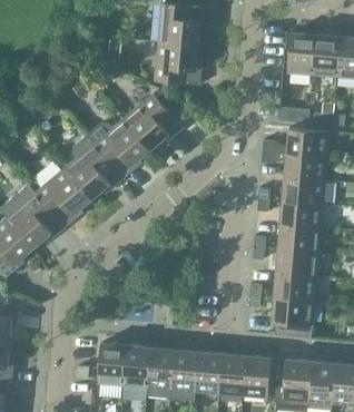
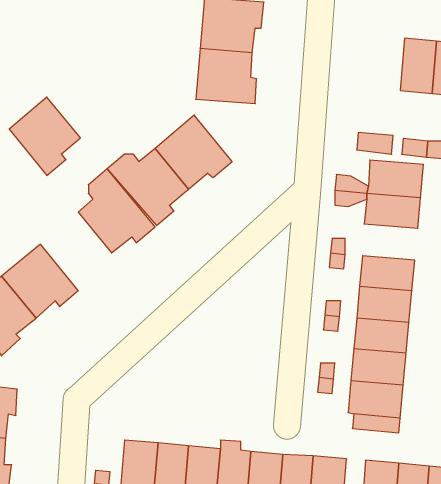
building: [287,32,315,75] -> none
building: [36,168,90,228] -> [9,97,80,175]
building: [283,177,325,205] -> none

